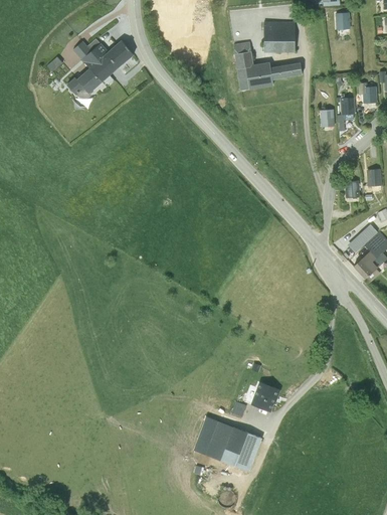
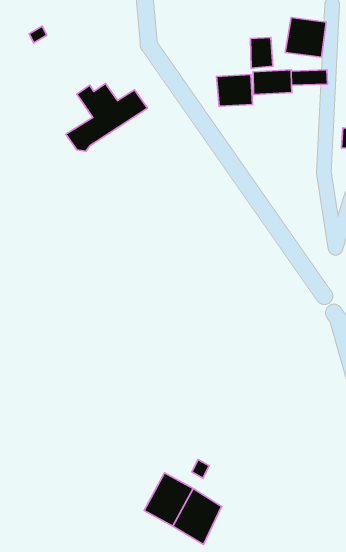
building: [64,38,131,98] -> [66,84,147,151]
building: none -> [216,75,253,106]
building: [250,385,277,415] -> none

